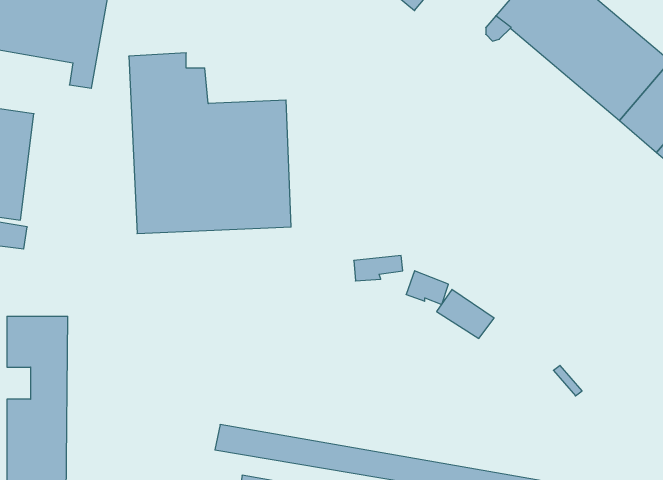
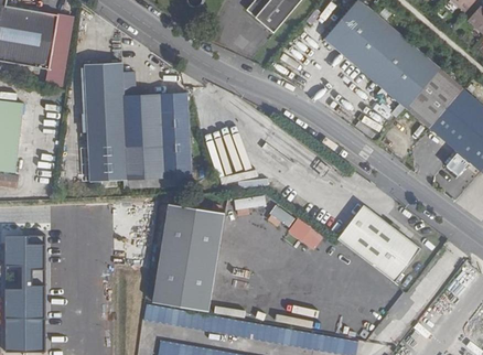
building: none -> [149,203,221,310]
building: none -> [336,205,420,282]

